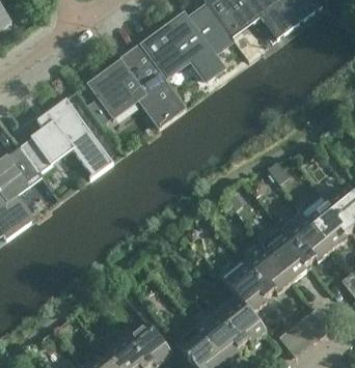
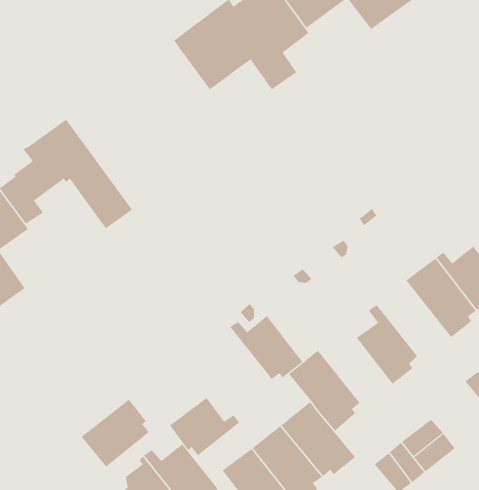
building: [88,51,186,123] -> none
building: [280,209,331,261] -> none
building: [240,249,291,293] -> [229,315,303,380]
building: none -> [169,397,240,456]
building: none -> [81,399,149,467]

